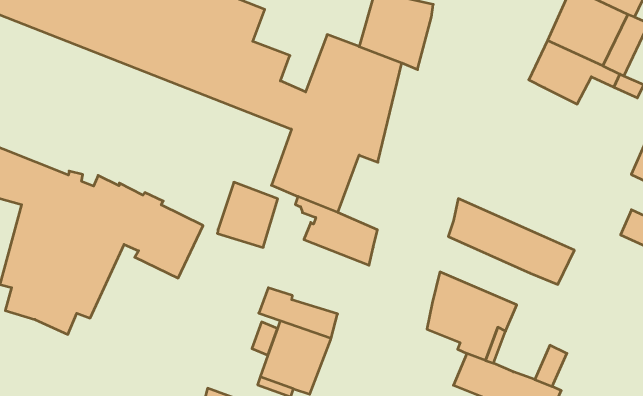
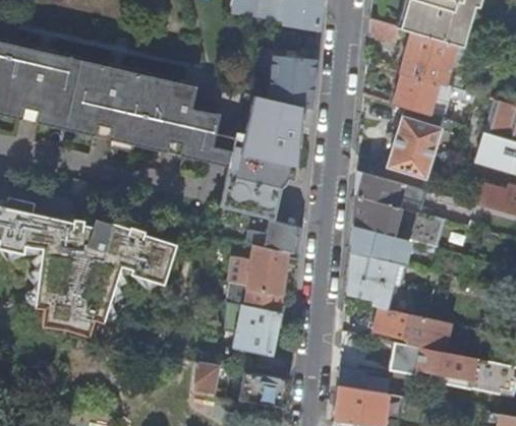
building: none -> [388,107,467,177]
building: none -> [356,171,427,214]
building: [217,182,278,247] -> [247,249,287,293]
building: none -> [351,225,416,266]

